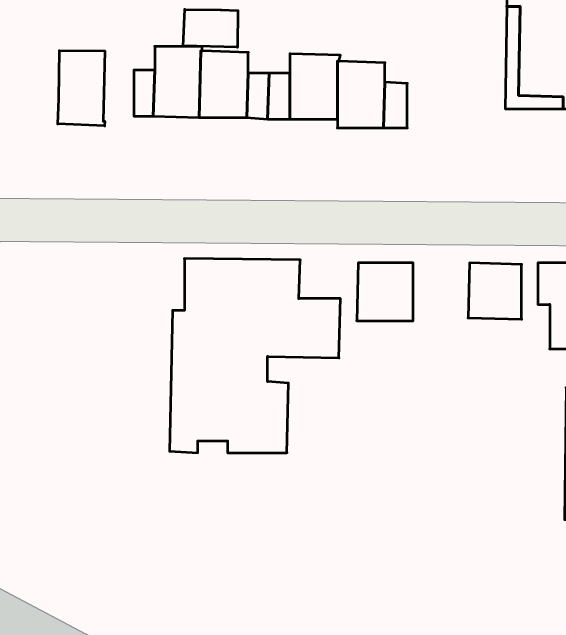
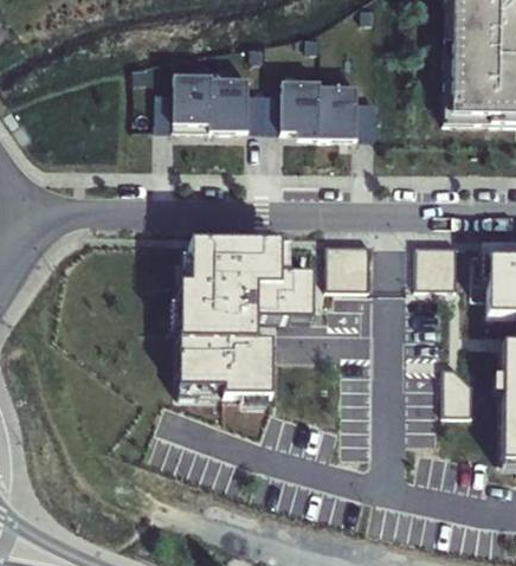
building: [183,9,238,47] -> none
building: [58,51,105,126] -> none

